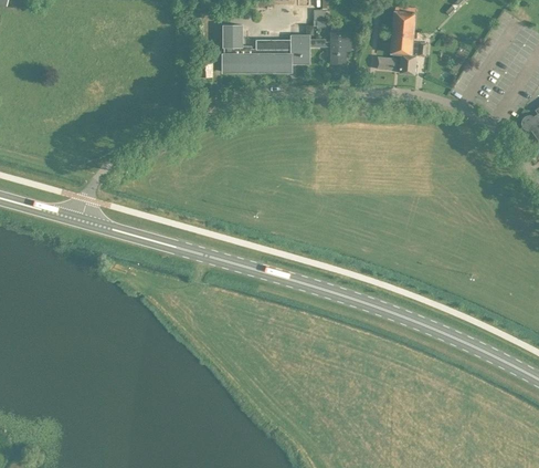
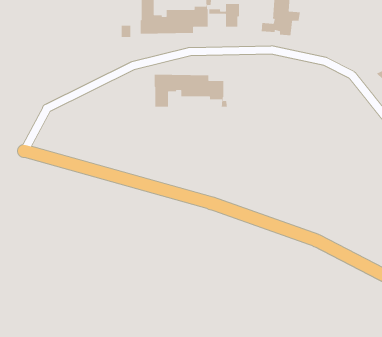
building: none -> [154,74,228,107]

